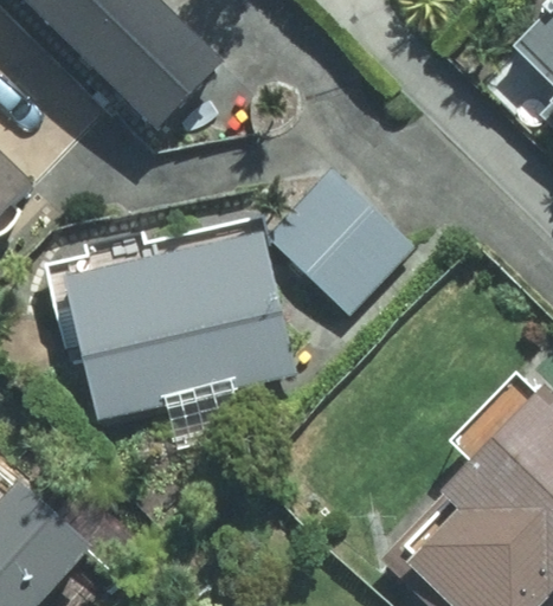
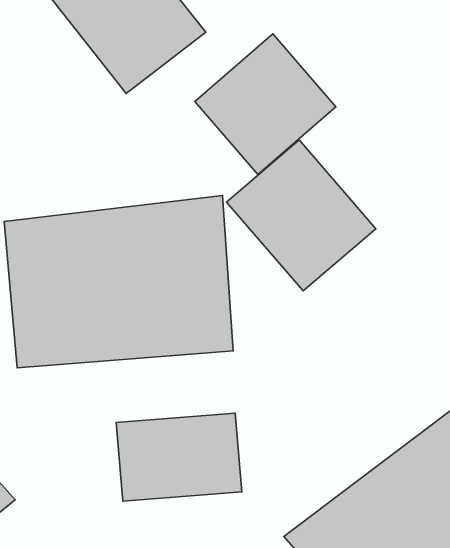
building: none -> [195,34,336,175]
building: none -> [116,413,242,501]

